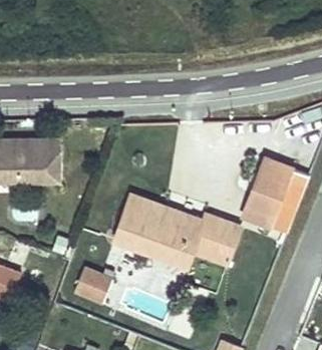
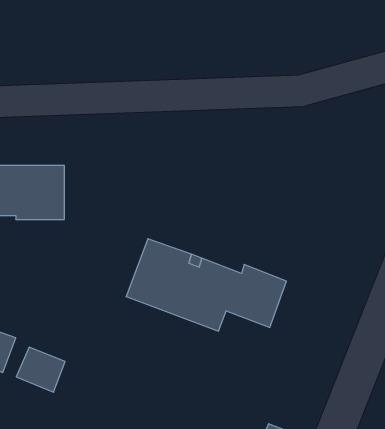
building: [239,158,304,233] -> none
building: [73,267,111,302] -> [16,347,65,392]

